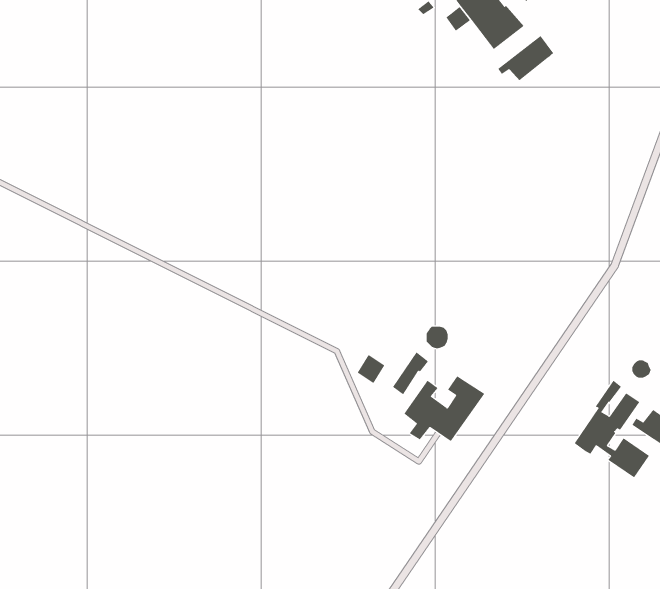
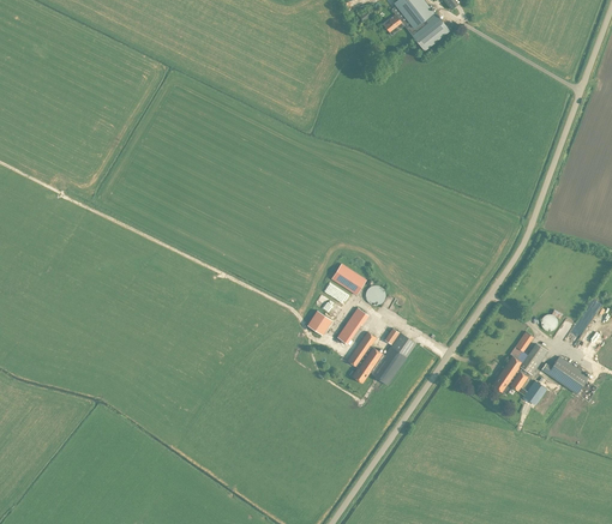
building: [497,35,554,81] -> none
building: none -> [331,264,366,295]

